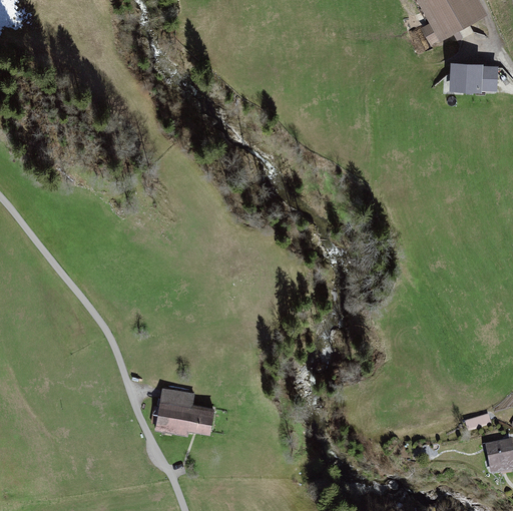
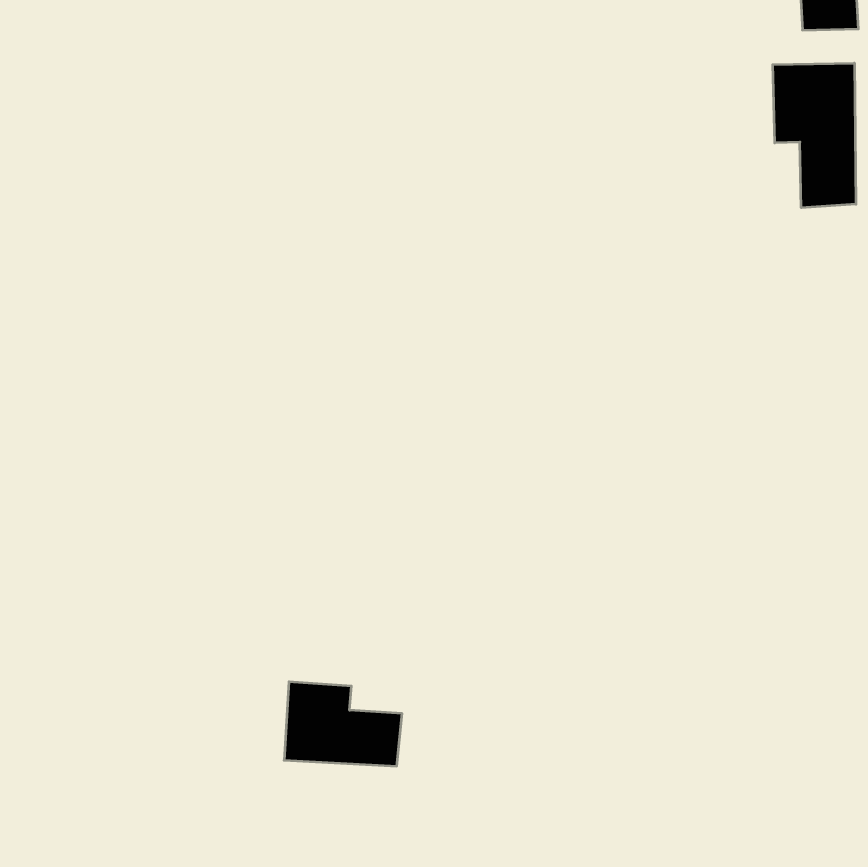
building: none -> [773,63,856,208]

